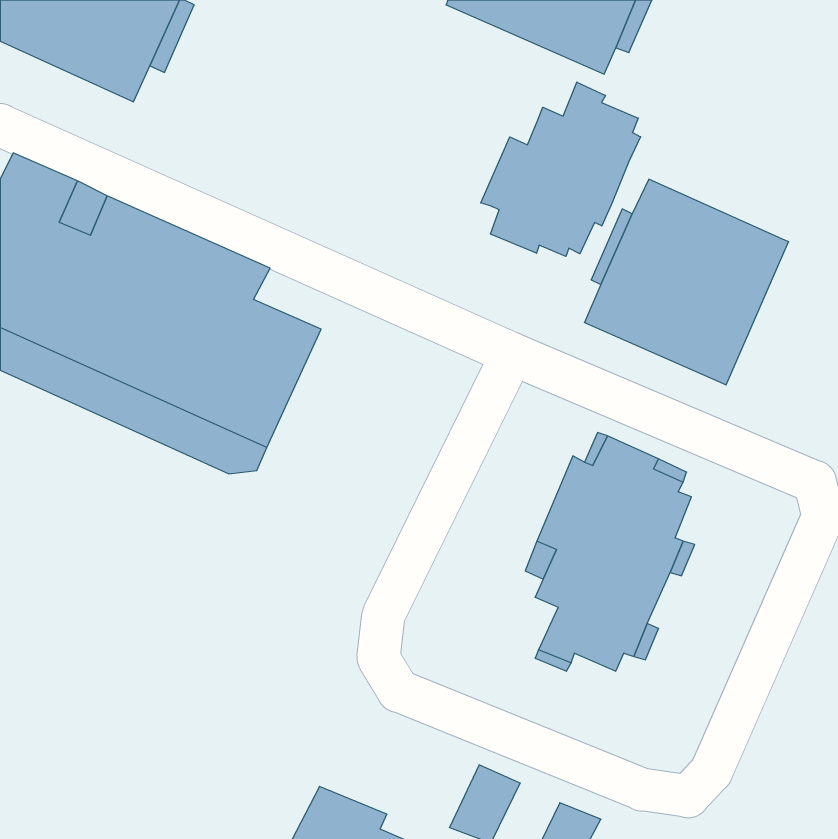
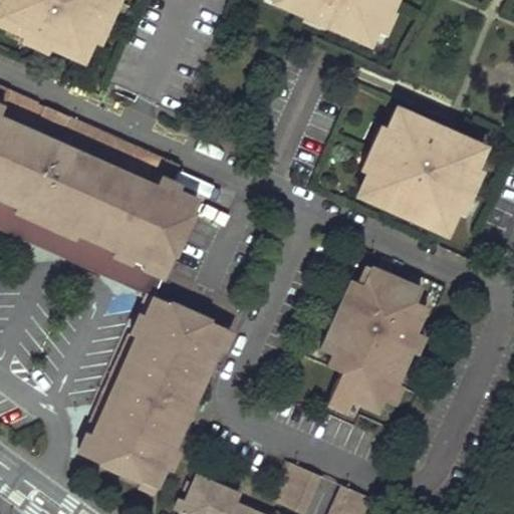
building: [481,82,641,256] -> none
building: none -> [86,298,228,487]

